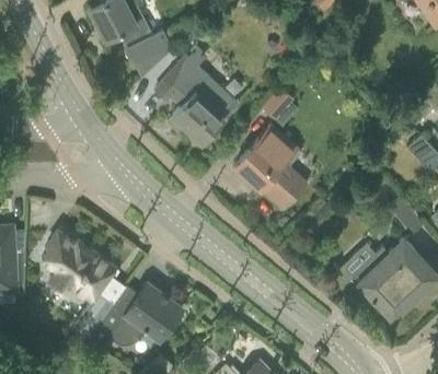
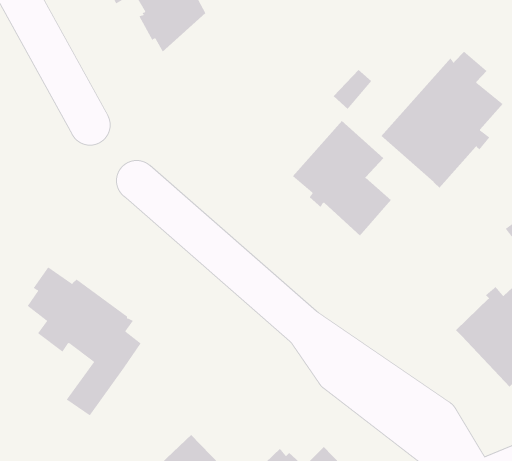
building: [155,56,239,142] -> none
building: none -> [380,51,503,188]
building: [89,284,184,350] -> none

